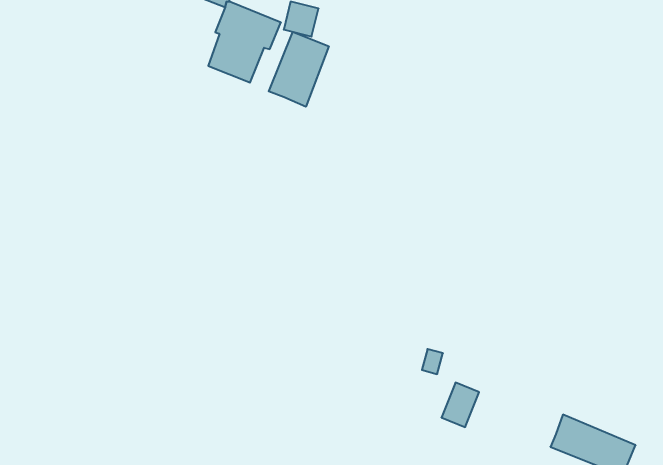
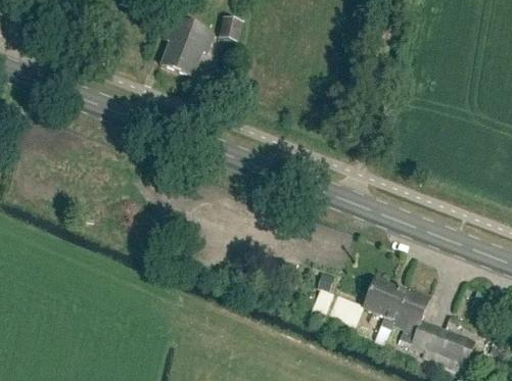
building: [269,32,329,107] -> none
building: none -> [362,278,430,334]

